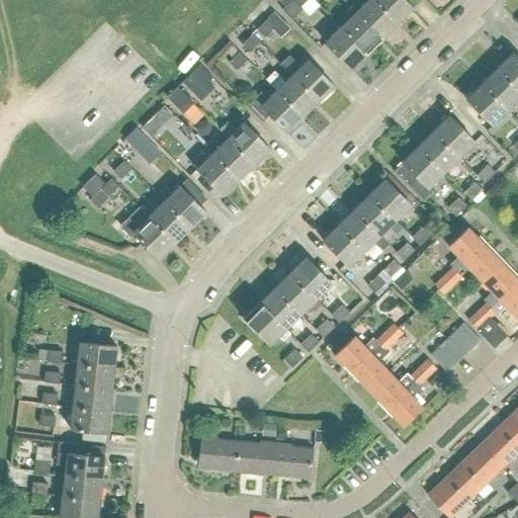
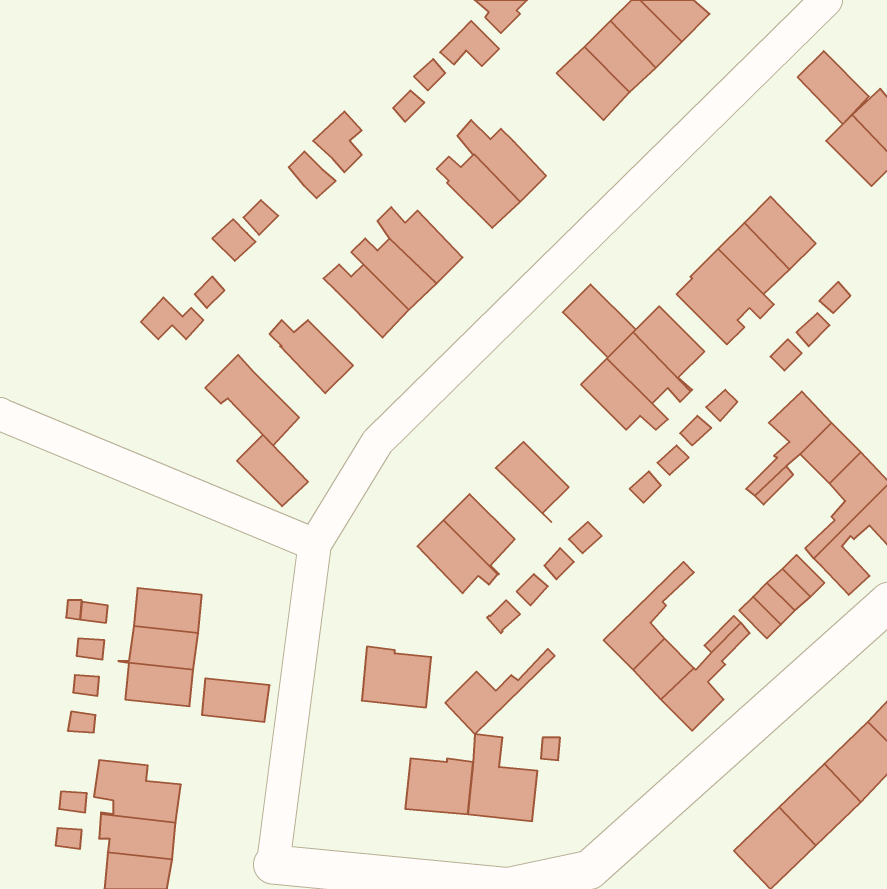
building: [281,56,335,102] -> none
building: [466,82,508,124] -> [798,51,869,124]
building: [149,201,190,243] -> [237,435,308,506]
building: [323,224,365,266] -> [563,284,636,357]
building: [274,272,322,314] -> none
building: [335,323,399,372] -> [445,649,555,734]
building: [72,407,111,432] -> [202,678,270,722]
building: [199,435,240,470] -> [362,647,431,707]

